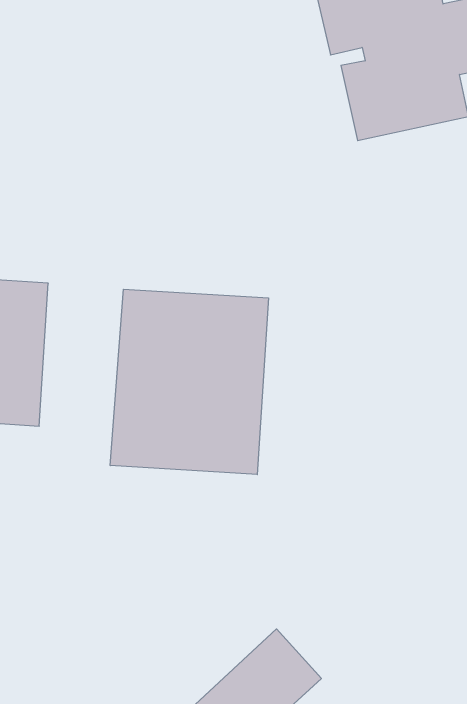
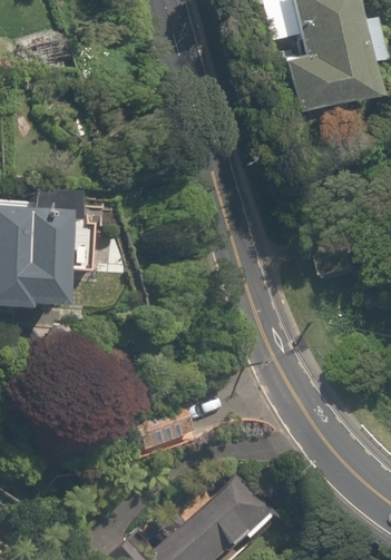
building: [110,289,268,475] -> none

